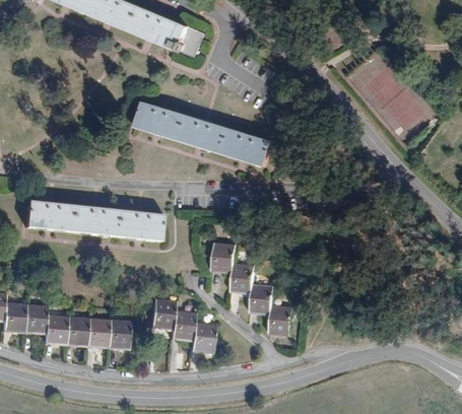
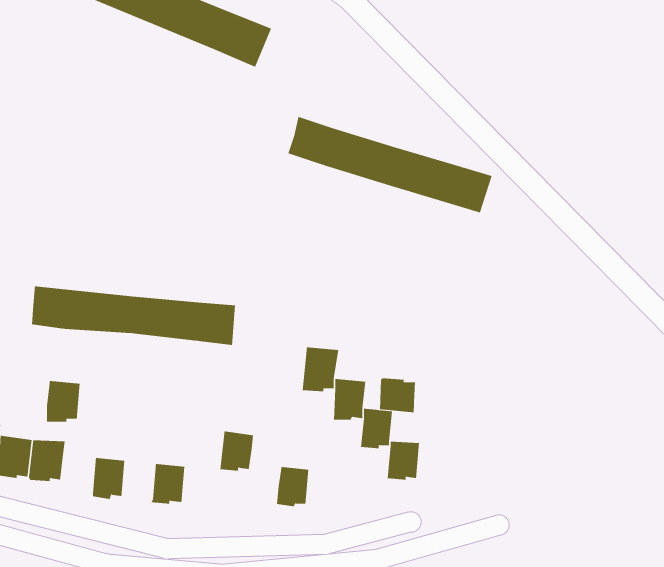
building: [179,25,204,56] -> none
building: [132,99,271,165] -> [288,116,492,213]
building: none -> [379,377,415,413]
building: [173,310,195,338] -> none
building: [46,315,69,343] -> [46,380,81,422]
building: [87,319,110,346] -> none

